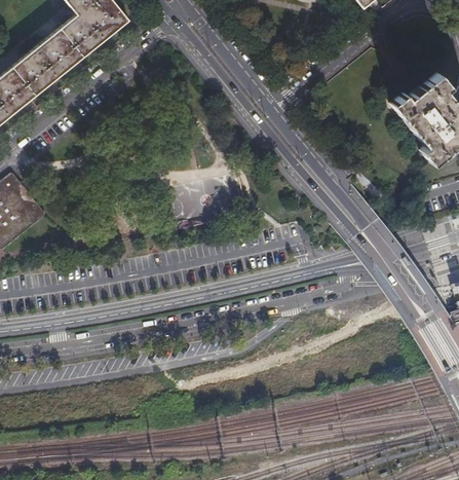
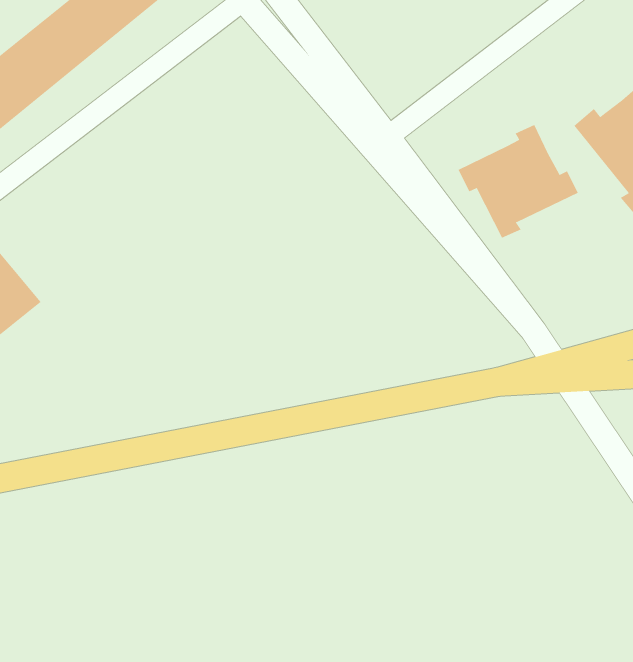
building: none -> [458,124,578,239]

